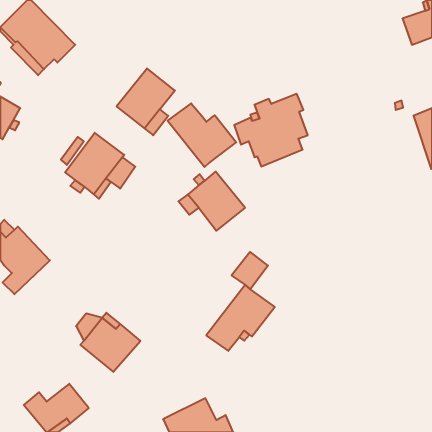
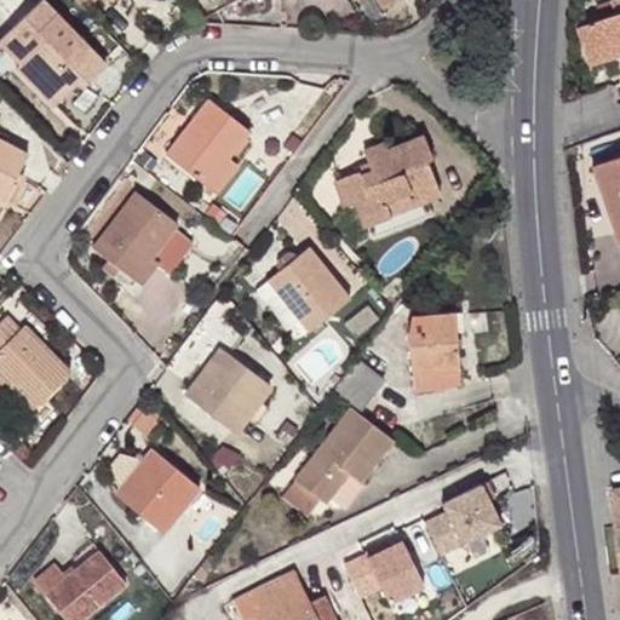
building: [168,103,236,167] -> none
building: none -> [411,312,461,390]
building: none -> [189,351,269,431]
building: none -> [418,478,505,552]
building: none -> [343,532,427,599]

